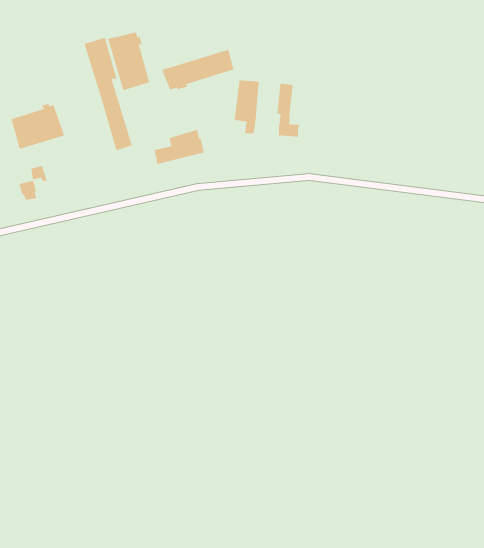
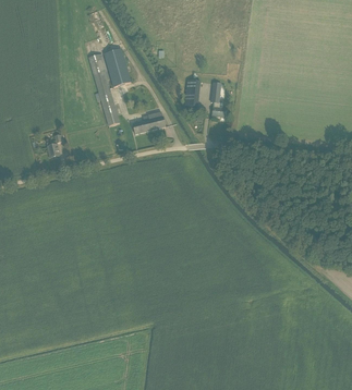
building: [161,49,234,91] -> none
building: [10,103,65,150] -> none

